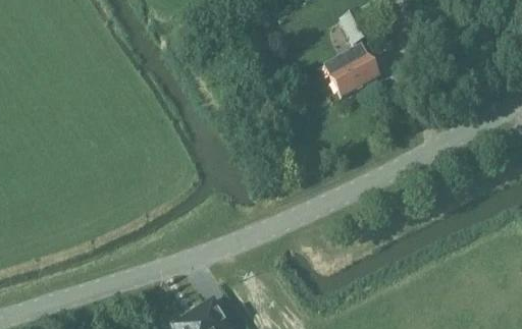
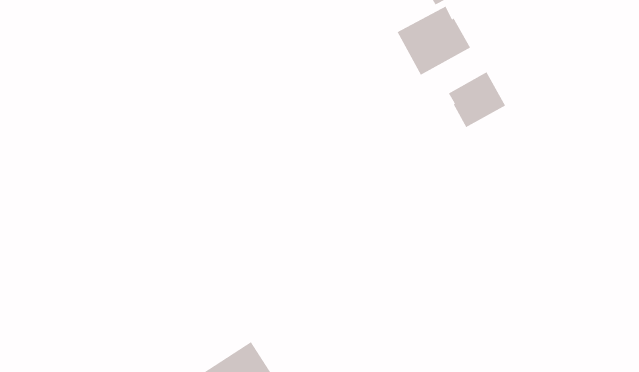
building: none -> [448,71,506,128]

